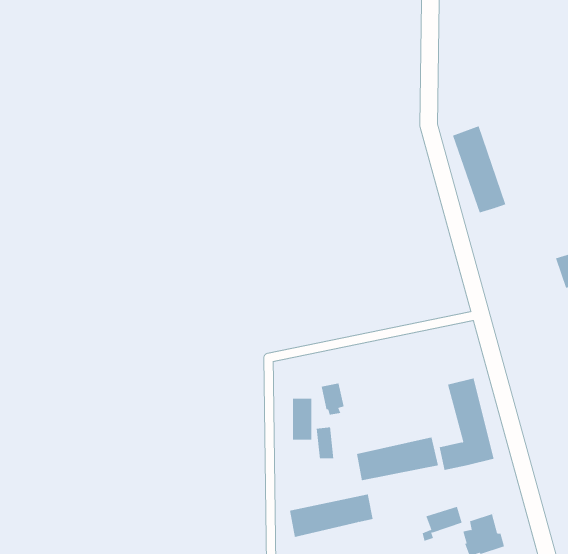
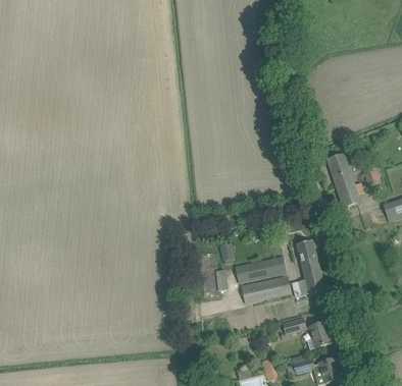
building: [452,125,506,213] -> [326,153,359,206]
building: [289,494,373,538] -> [235,256,286,282]

